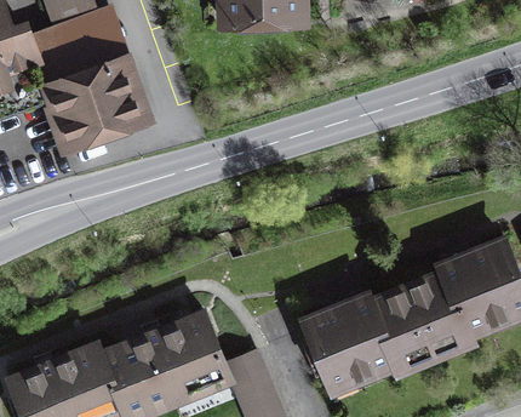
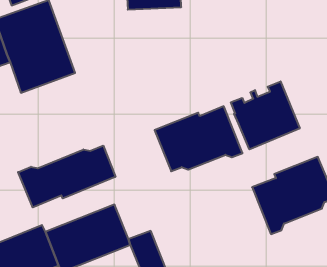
building: none -> [231,81,300,149]
building: none -> [18,146,115,207]
building: [305,285,435,381] -> [155,106,243,171]

